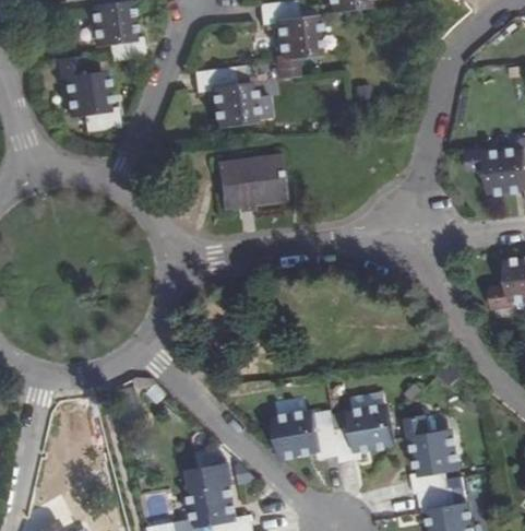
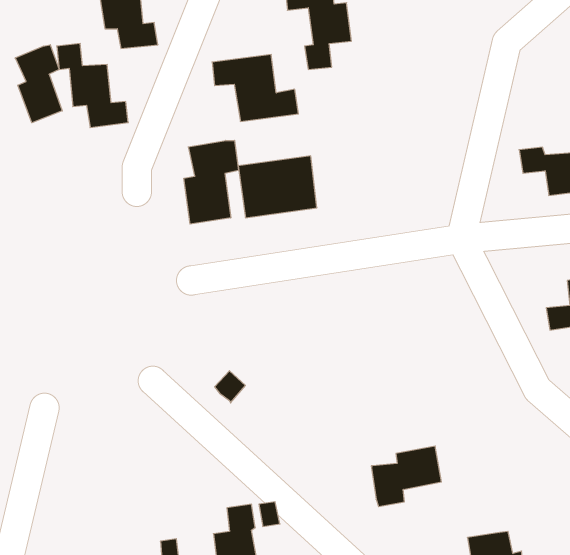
building: none -> [15,45,62,123]
building: none -> [184,140,239,224]
building: [278,414,338,459] -> none
building: [407,414,458,492] -> none

